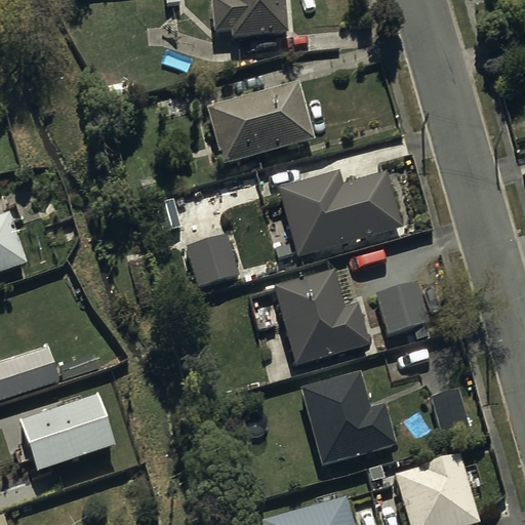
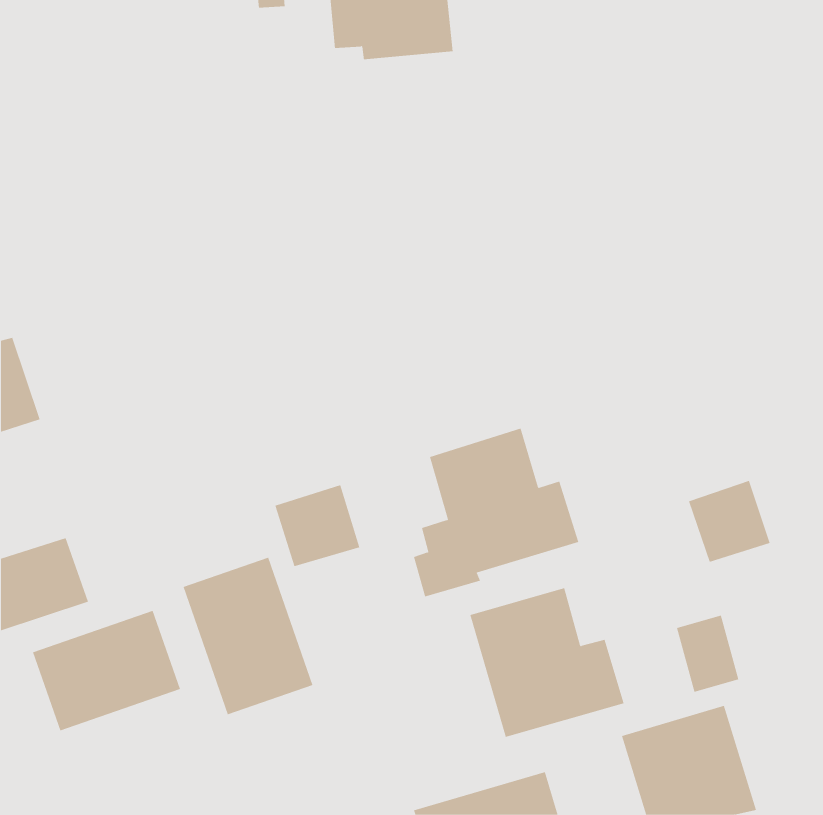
building: [205,85,314,168] -> none
building: [279,171,404,258] -> none
building: [187,236,241,288] -> [275,484,360,567]
building: [375,282,428,334] -> [688,480,771,562]
building: none -> [183,557,313,715]

